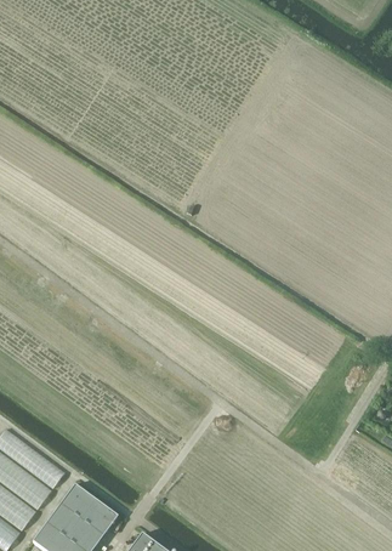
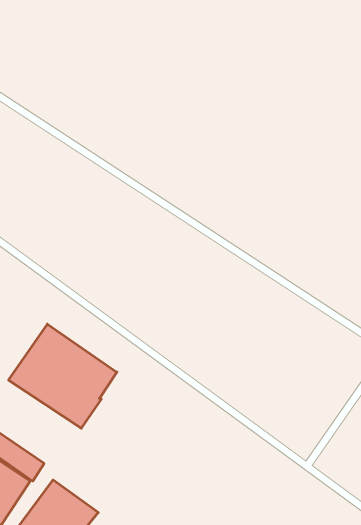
building: none -> [9,324,117,428]

